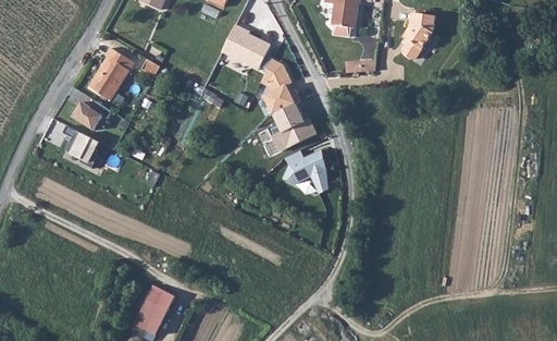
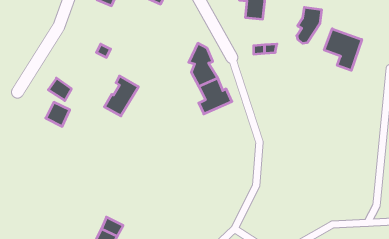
building: [221,24,271,71] -> none
building: none -> [324,29,362,70]
building: [87,48,132,100] -> [104,76,138,116]
building: [281,150,326,194] -> none

